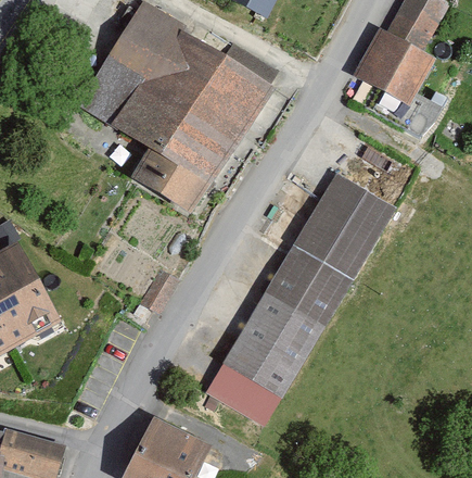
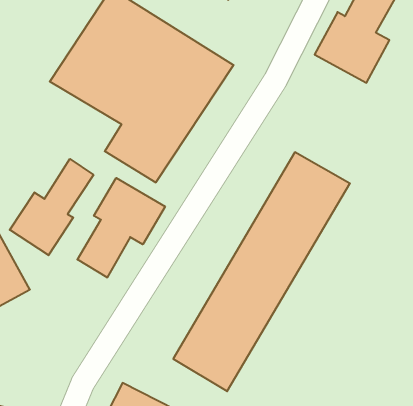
building: none -> [10,159,93,255]
building: none -> [77,178,165,278]

